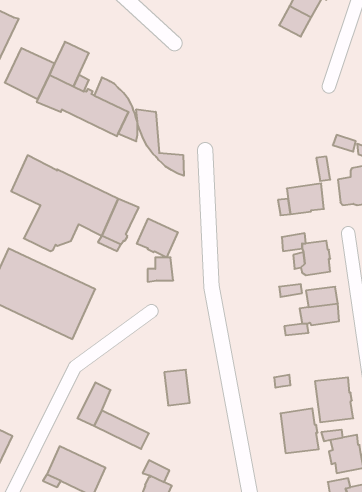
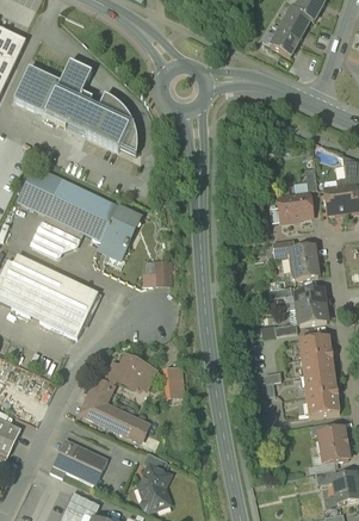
building: [136,109,184,176] -> none
building: [137,219,178,257] -> none
building: none -> [105,355,155,387]
building: [280,408,319,453] -> [298,335,334,377]

